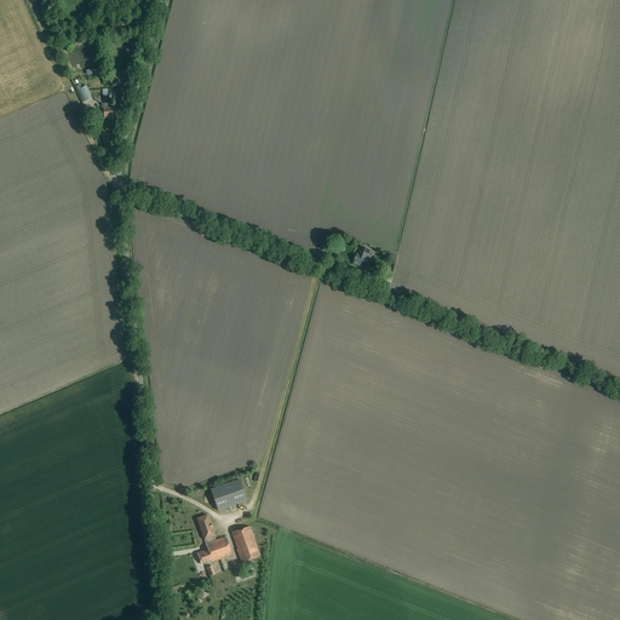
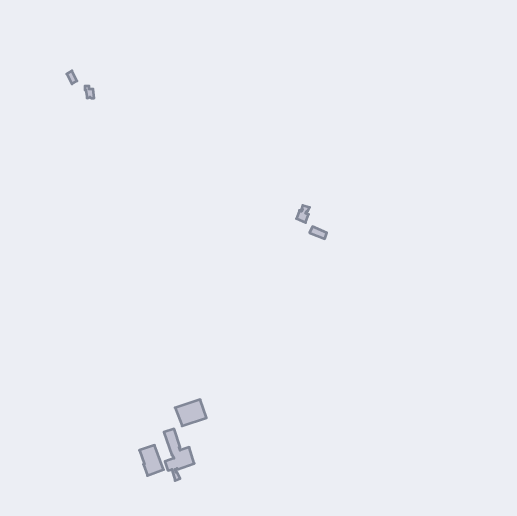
building: [231,526,260,562] -> [139,445,164,476]

